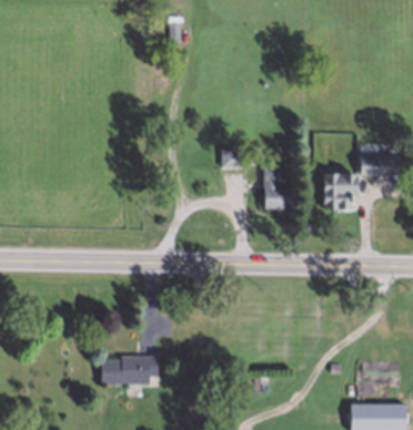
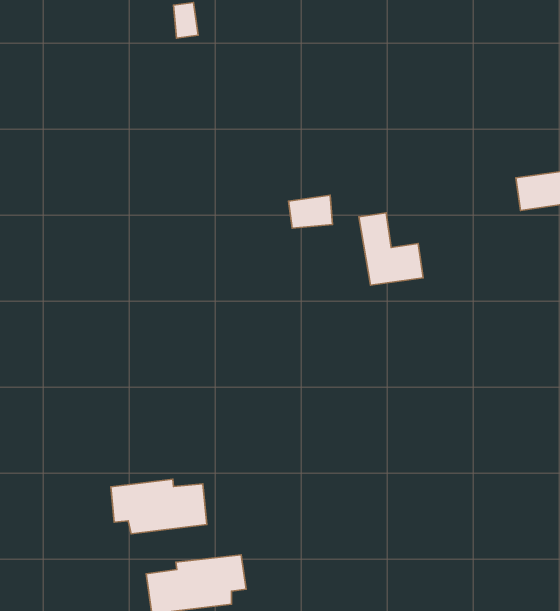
building: [320,171,353,207] -> none
building: none -> [111,479,207,534]

